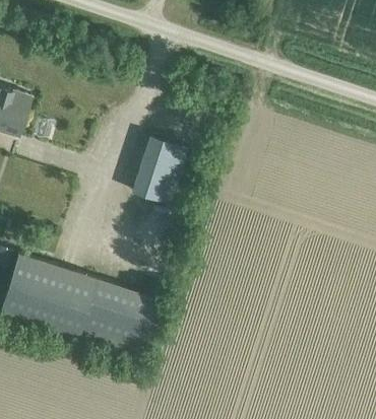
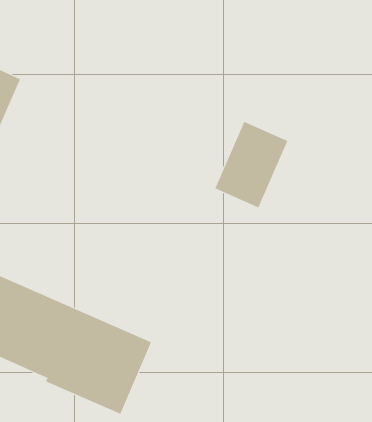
building: [132,136,188,205] -> [214,121,288,208]

